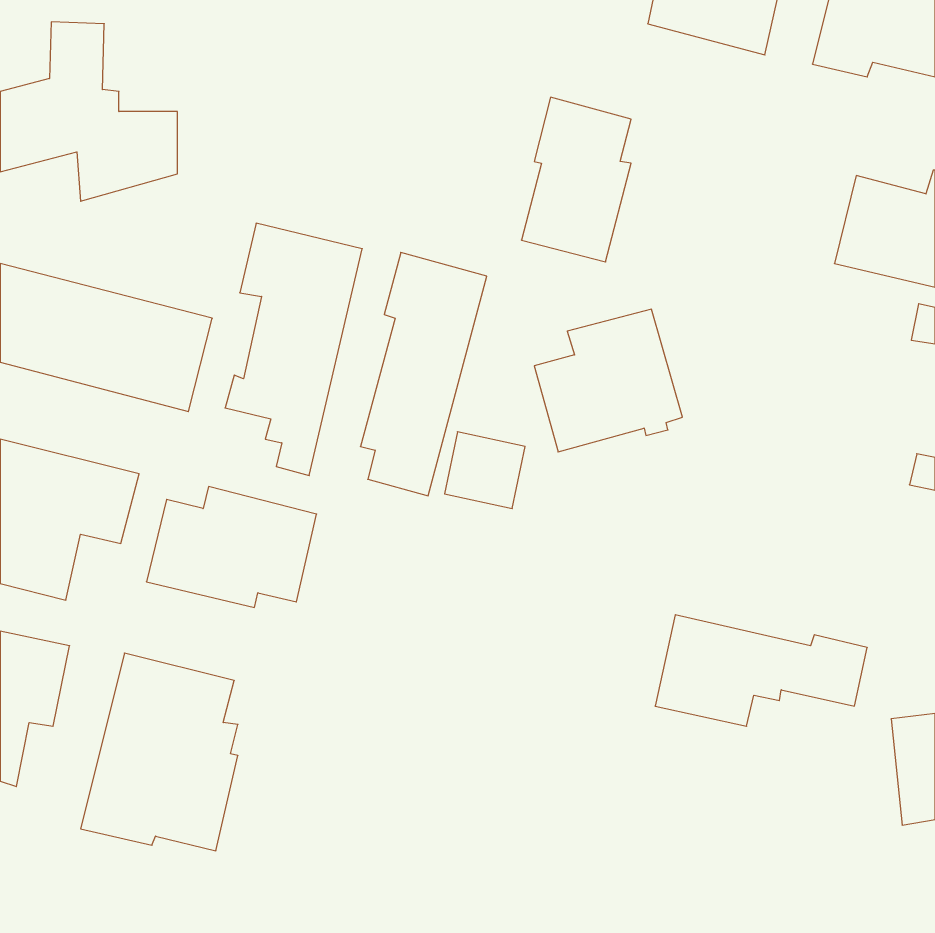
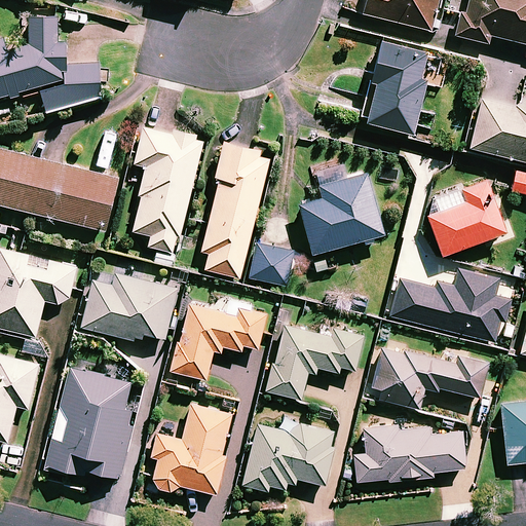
building: [521,97,631,262] -> [365,42,426,135]
building: none -> [426,180,504,256]
building: none -> [389,267,511,343]
building: none -> [173,303,267,380]
building: none -> [266,325,363,399]
building: none -> [148,404,232,494]
building: none -> [242,418,337,490]
building: none -> [353,424,465,482]

